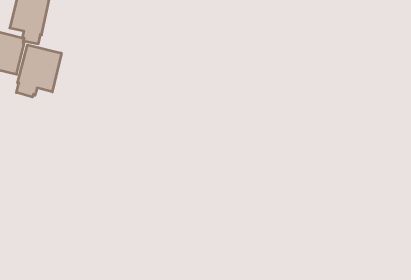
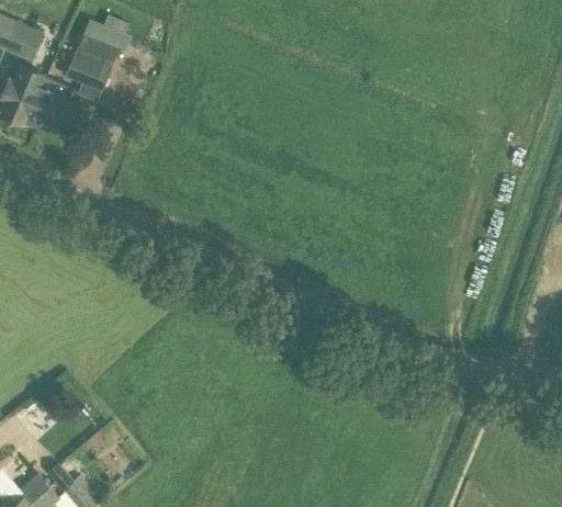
building: [16,45,61,97] -> none

